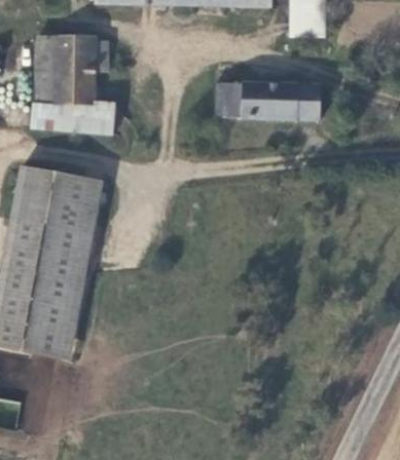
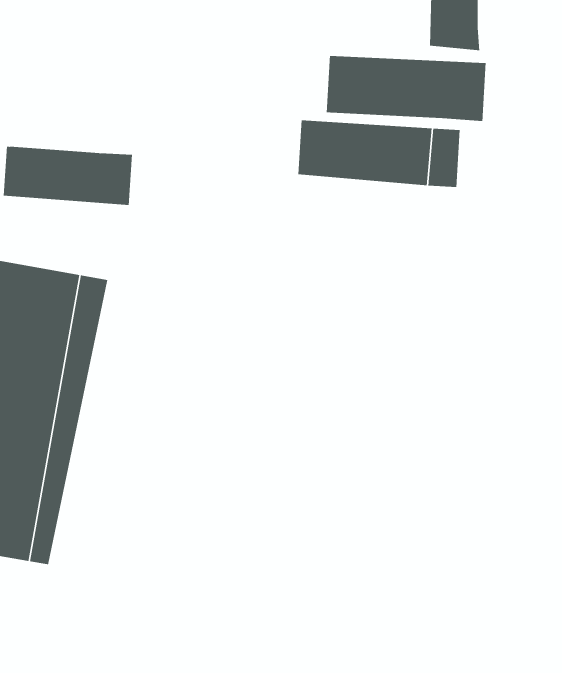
building: [43,34,116,102] -> none
building: none -> [326,55,486,122]

